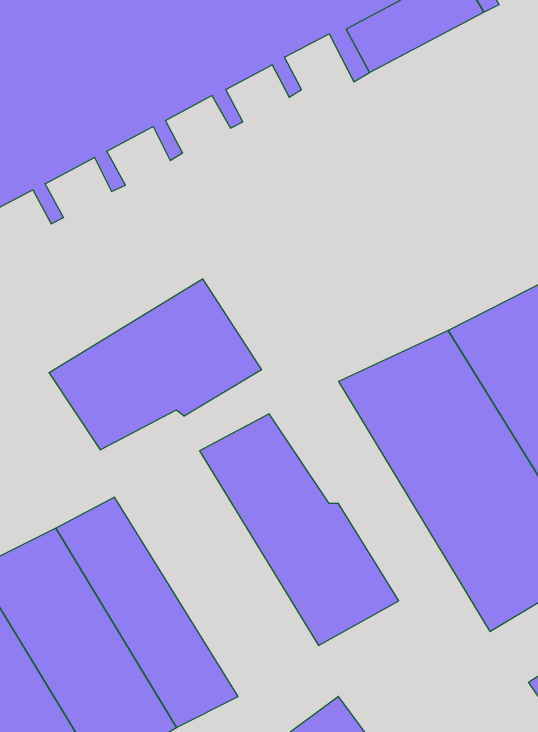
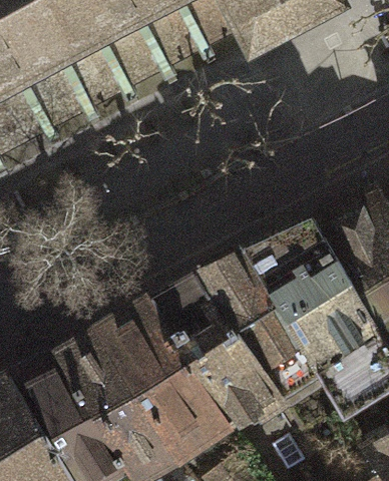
building: [49,279,261,450] -> none
building: none -> [206,250,349,431]
building: none -> [105,295,238,454]

